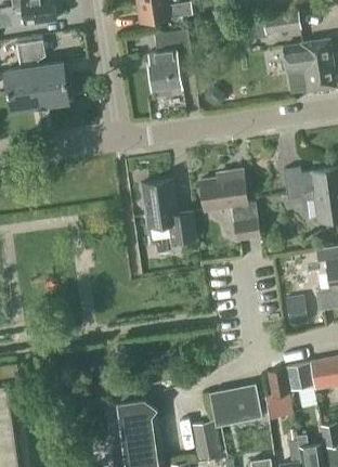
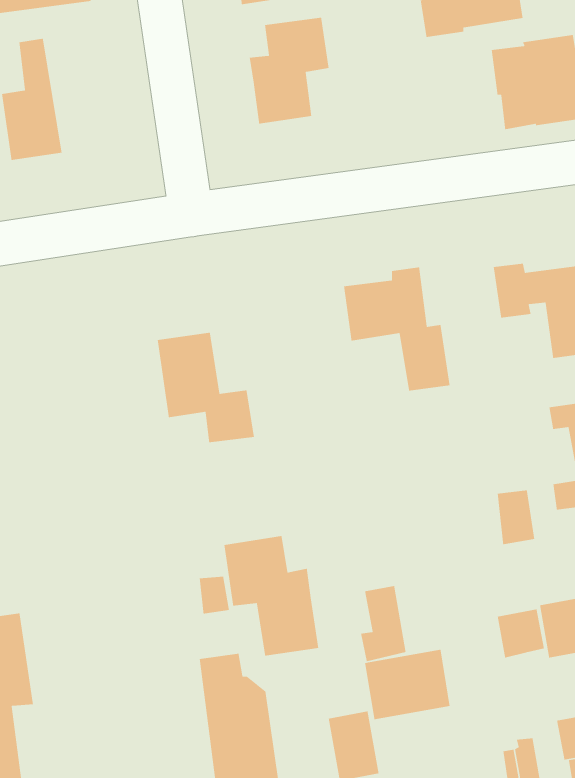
building: [30,39,69,106] -> none
building: [141,180,196,243] -> [157,332,255,443]
building: none -> [224,535,319,656]
building: [265,369,291,413] -> [360,585,406,662]

